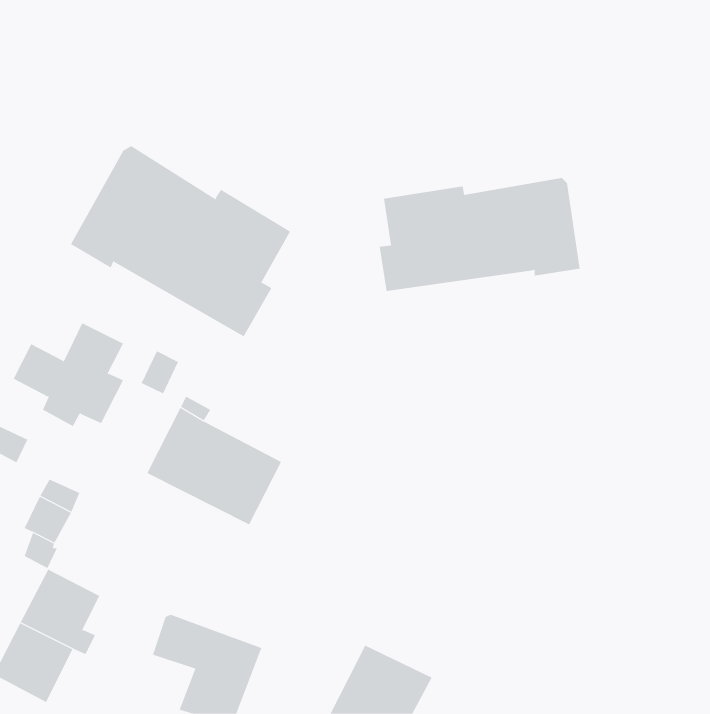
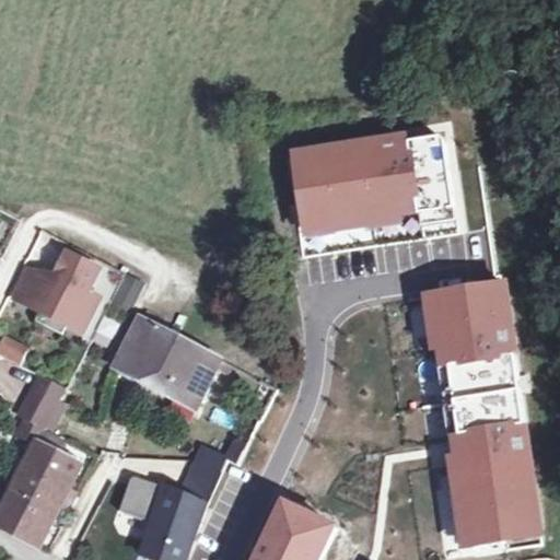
building: [70,145,291,337] -> none
building: none -> [430,284,536,547]
building: none -> [179,445,225,503]

